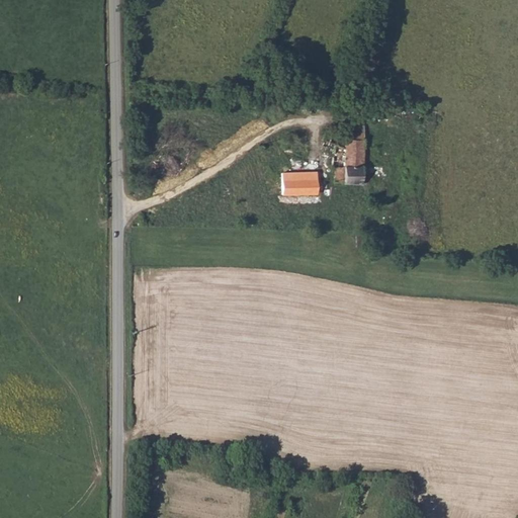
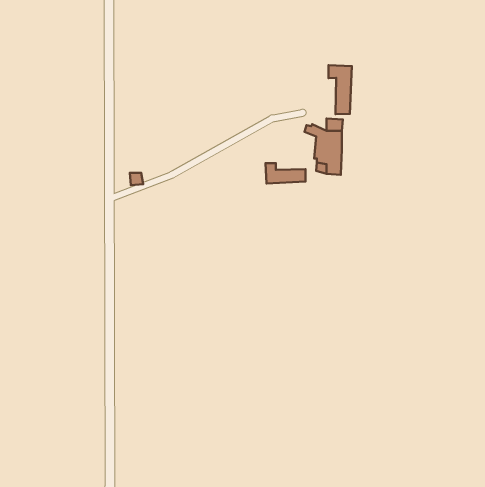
building: none -> [328,65,352,114]

